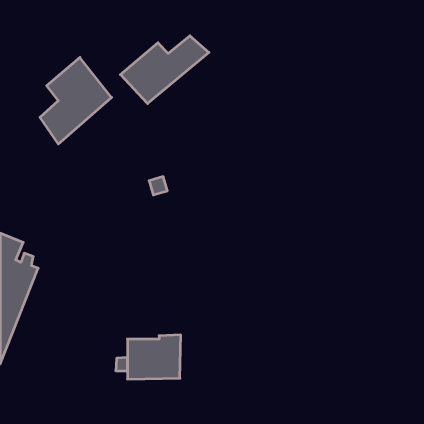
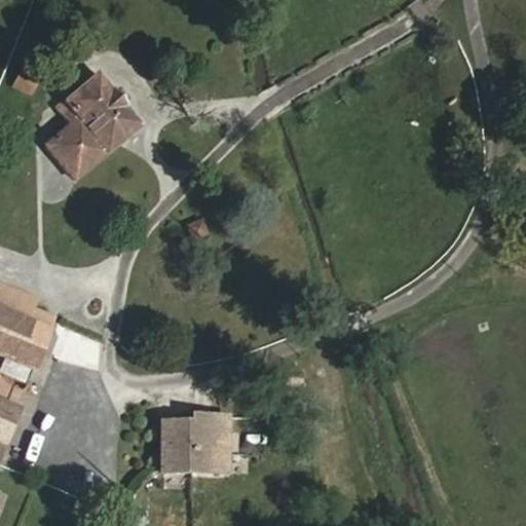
building: [120,36,209,104] -> none

